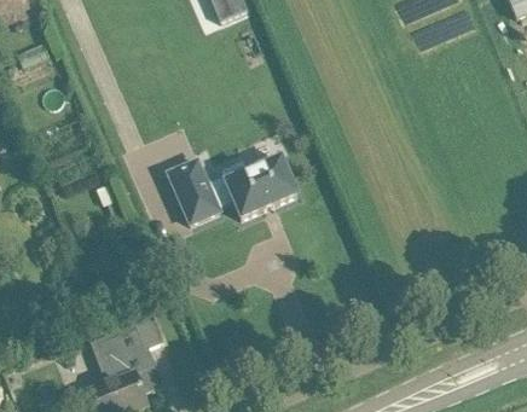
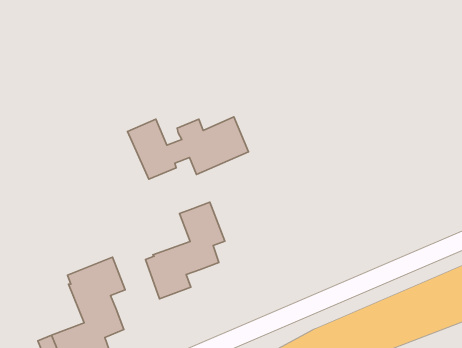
building: none -> [146,202,225,299]

